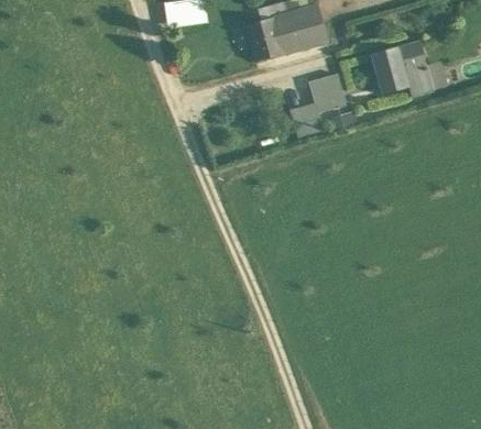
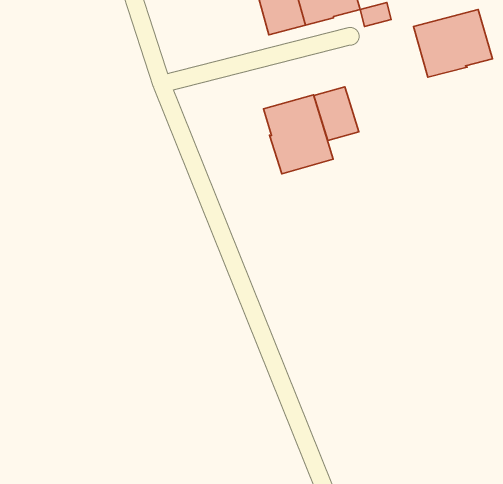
building: [310,74,347,111] -> none
building: none -> [263,95,333,174]

